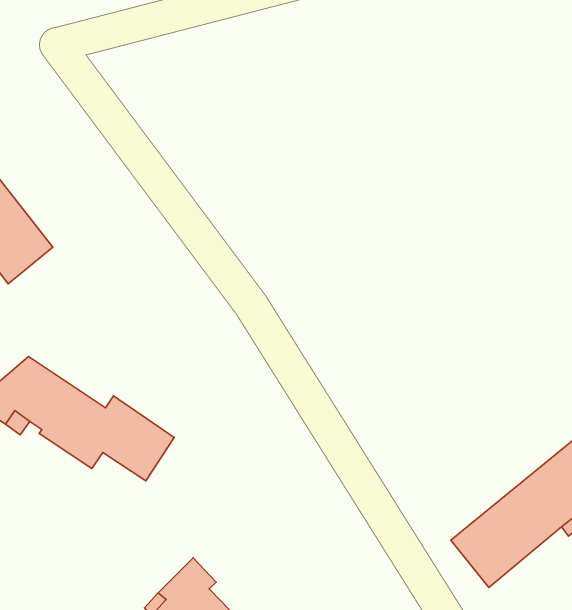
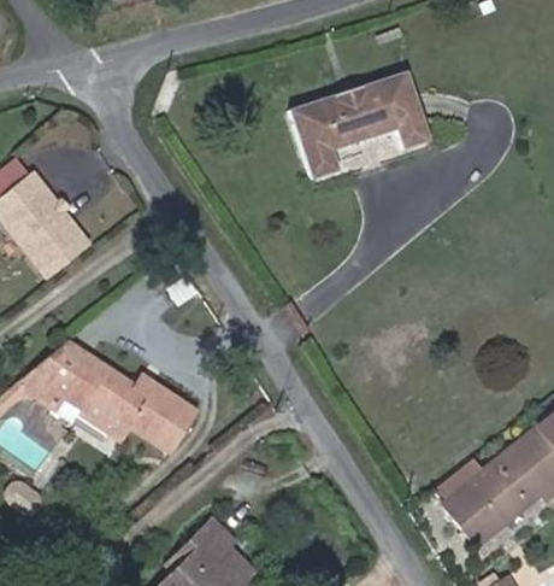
building: none -> [290,71,431,180]

